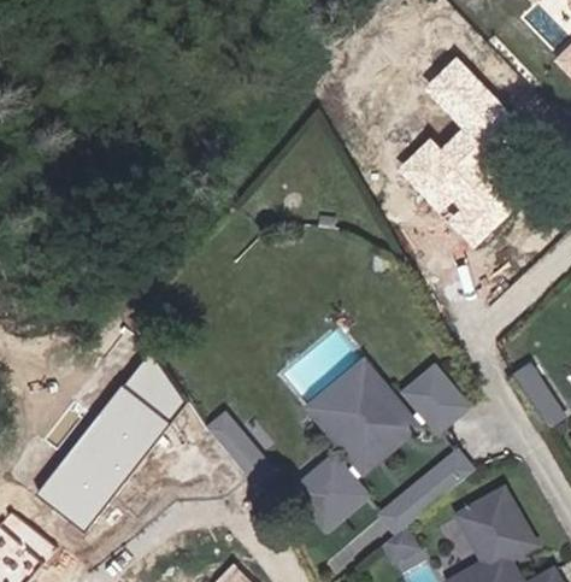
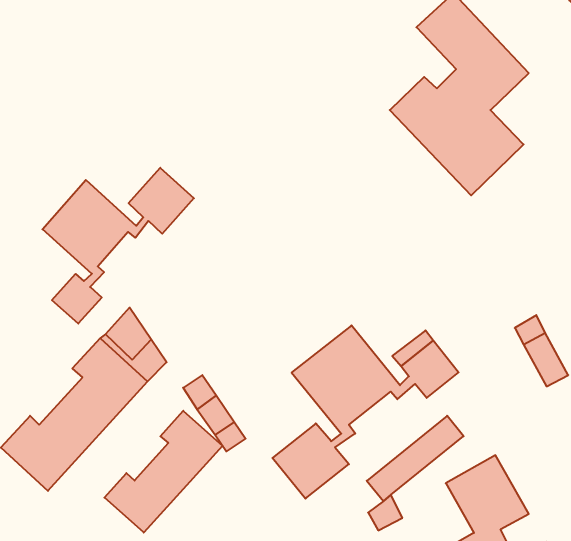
building: none -> [42,168,194,324]
building: none -> [104,411,223,533]

